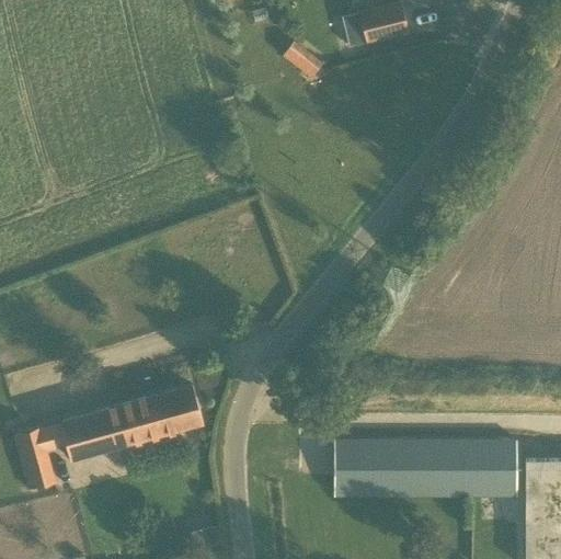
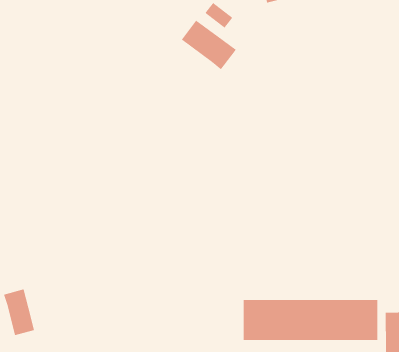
building: none -> [180,19,236,70]
building: [61,385,204,459] -> none

